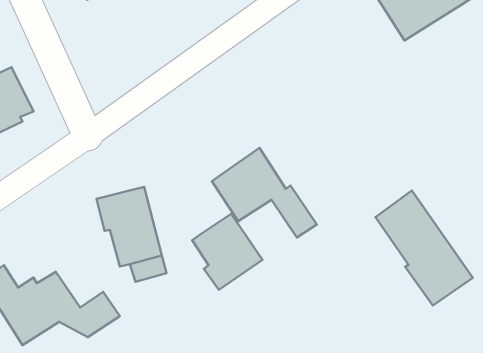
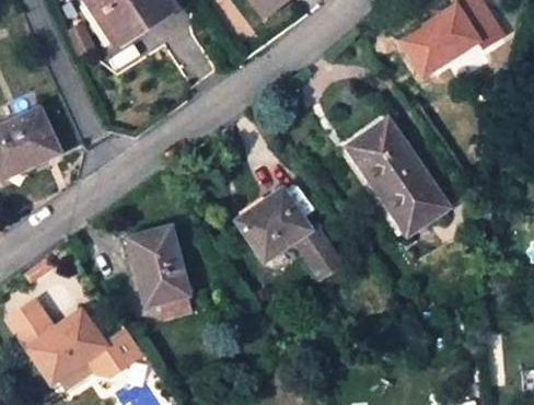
building: [375,190,473,306] -> [351,119,448,233]
building: [192,214,262,290] -> none

